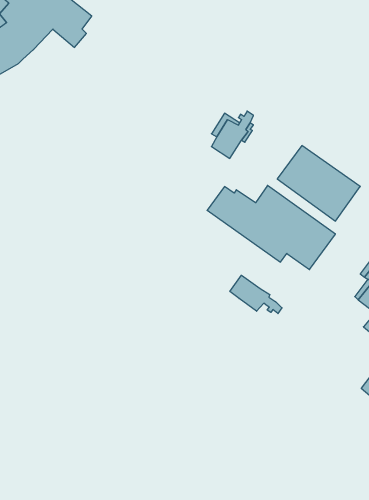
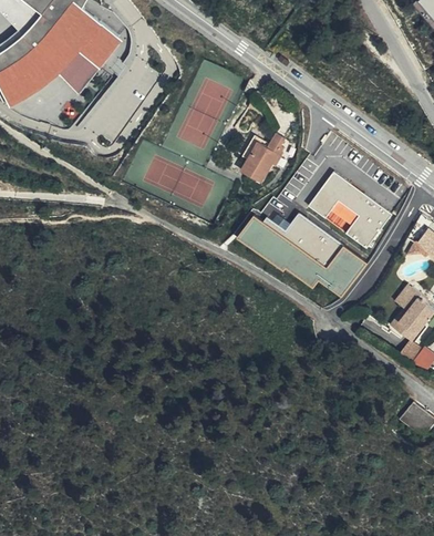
building: none -> [58,50,100,95]
building: [230,275,282,314] -> none

